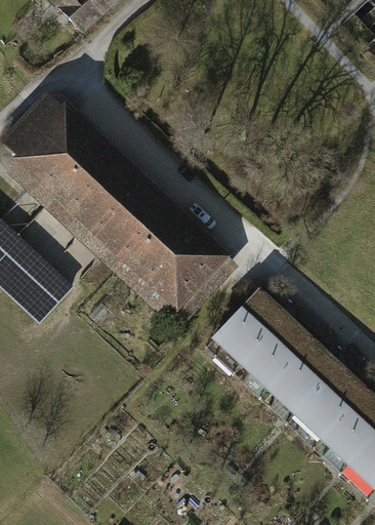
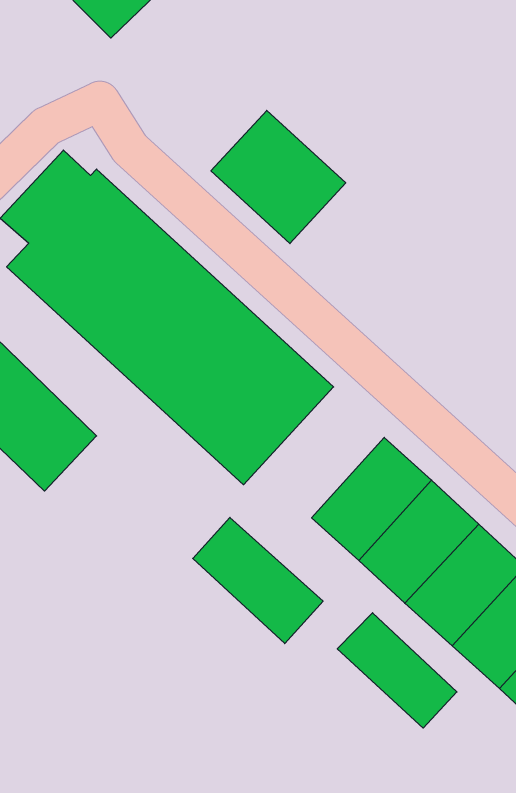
building: none -> [211,110,346,244]
building: none -> [193,517,323,644]
building: none -> [337,613,457,728]

